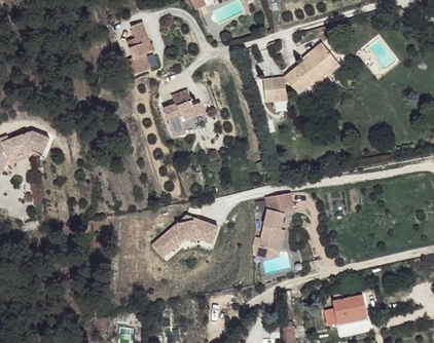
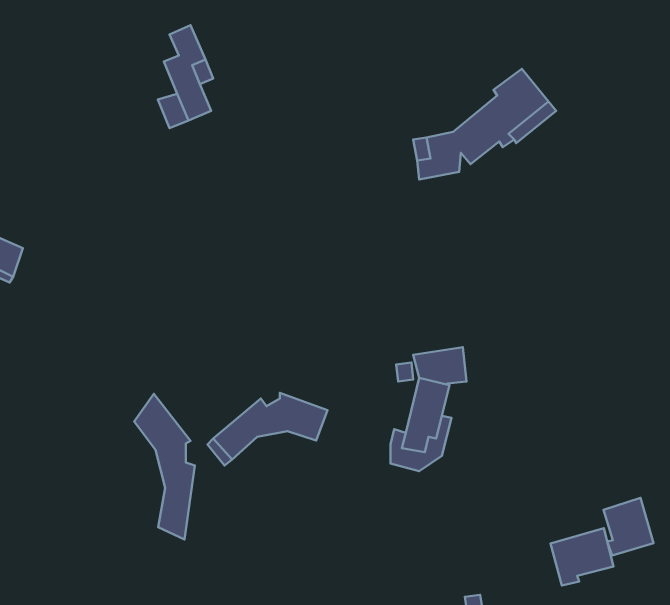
building: [166,89,207,136] -> none
building: none -> [134,394,195,539]
building: none -> [603,498,654,556]

